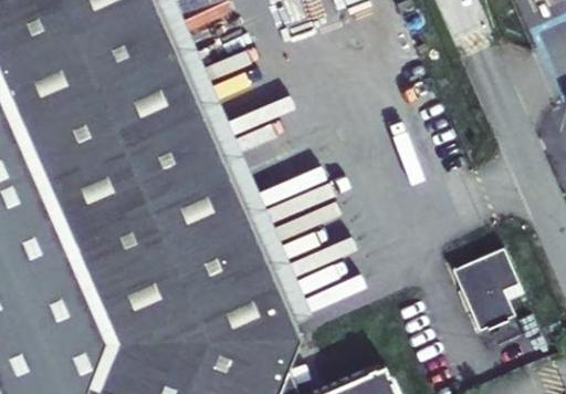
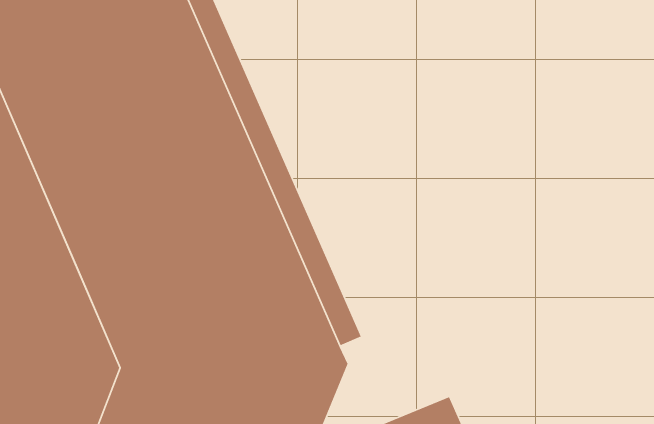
building: [446,250,516,334] -> none

